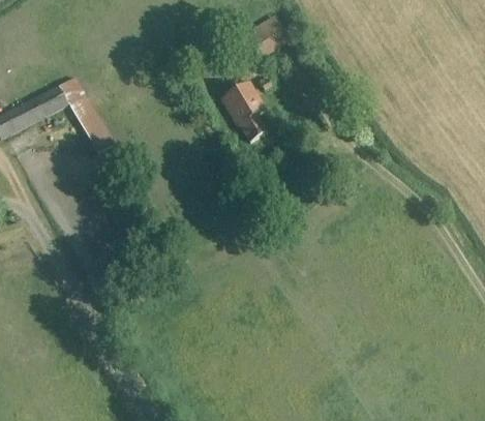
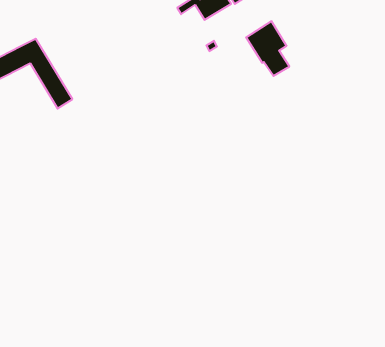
building: [220,81,268,141] -> [246,21,289,76]

